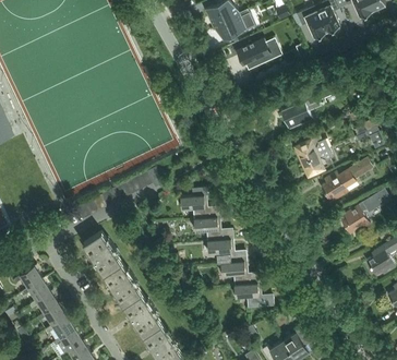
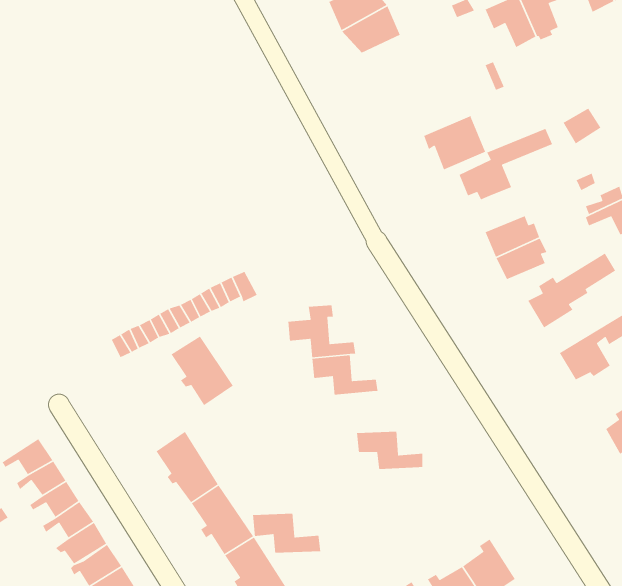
building: [236,37,273,70] -> [423,115,486,171]
building: [83,232,120,274] -> [171,336,234,406]
building: [207,239,246,263] -> none
building: [233,284,274,308] -> [252,513,321,554]

